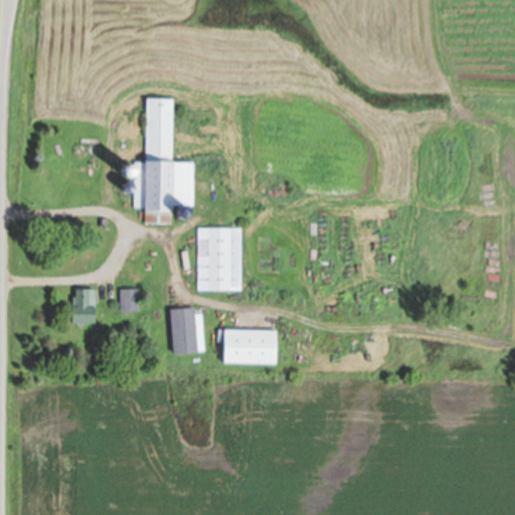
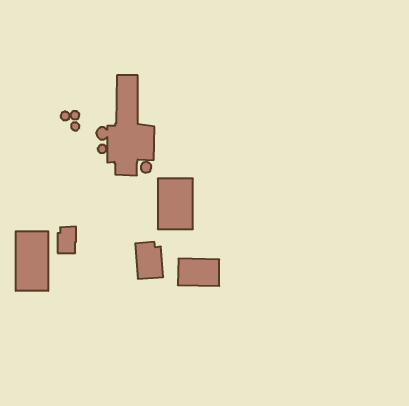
building: [120,290,139,311] -> none
building: none -> [16,231,48,291]

